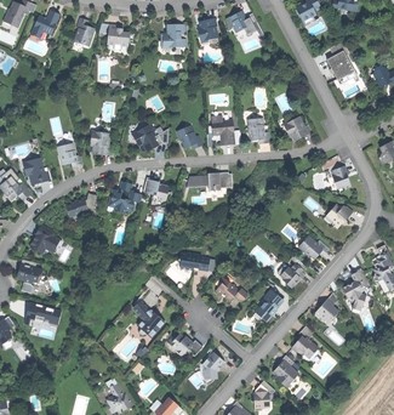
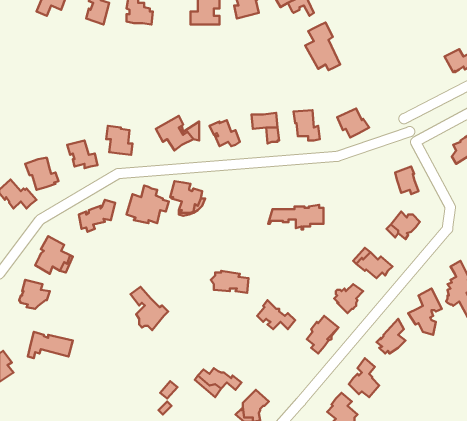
building: [326,40,355,80] -> [305,22,340,70]
building: [185,171,232,192] -> [268,205,323,230]
building: [133,301,165,337] -> [130,287,168,330]

